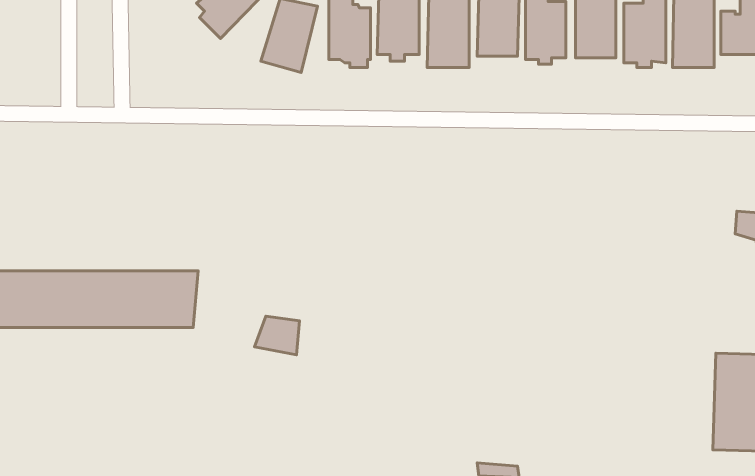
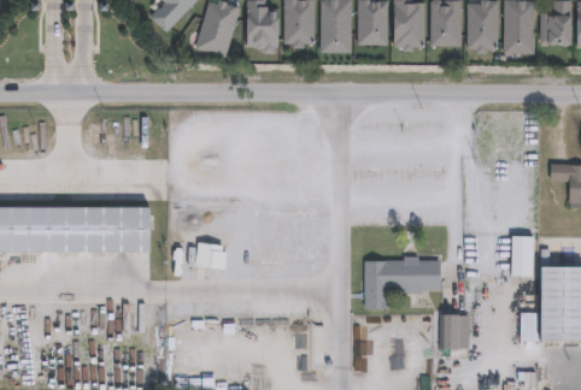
building: none -> [509,234,532,272]
building: none -> [363,254,440,307]
building: none -> [440,311,468,347]

